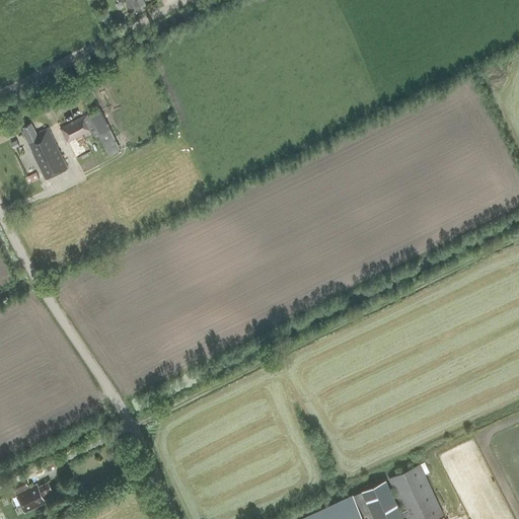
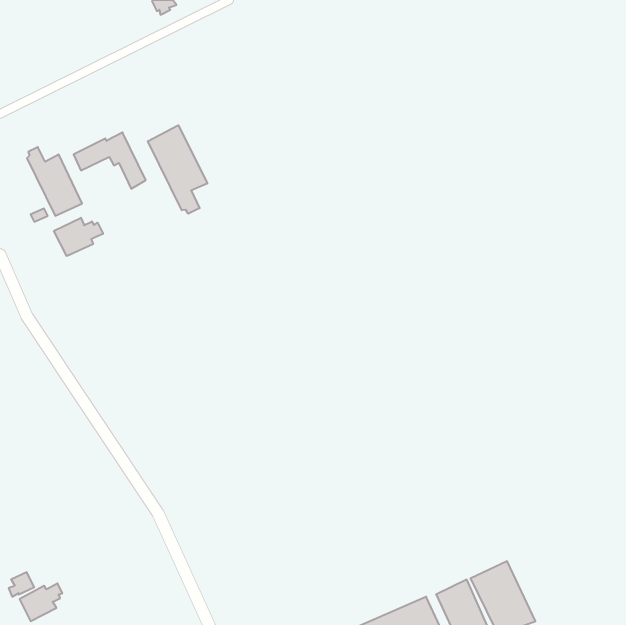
building: none -> [148,125,207,214]
building: none -> [54,218,103,256]

